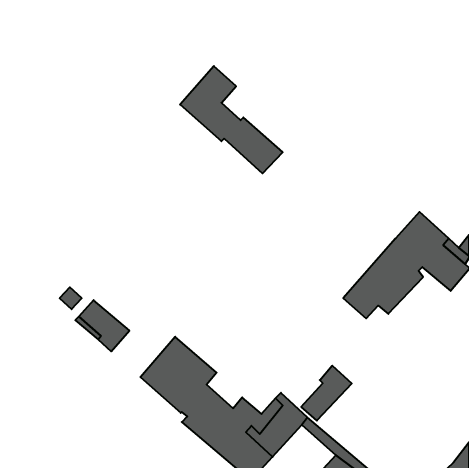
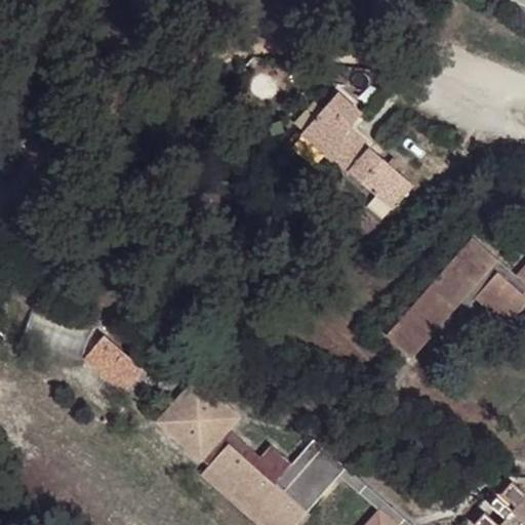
building: [180,66,283,173] -> [302,100,417,220]
building: [301,366,352,421] -> none

